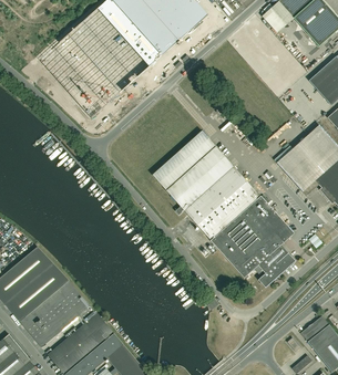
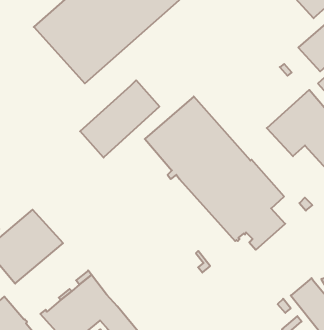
building: none -> [80,80,159,158]
building: [20,280,91,346] -> none

